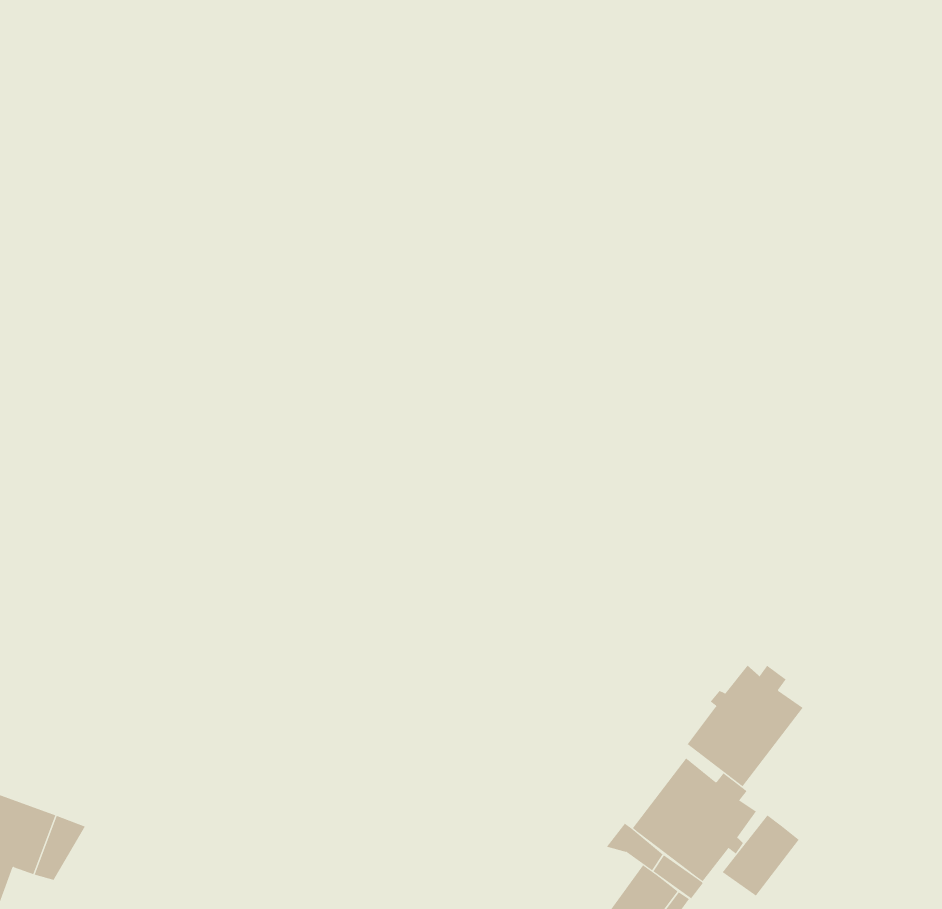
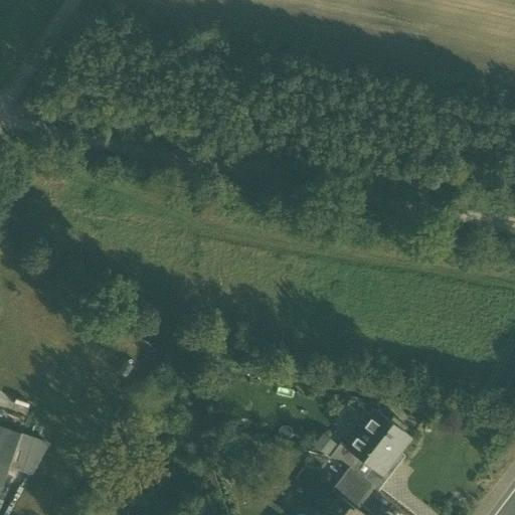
building: [687,665,803,787] -> none
building: [722,814,799,897] -> none

